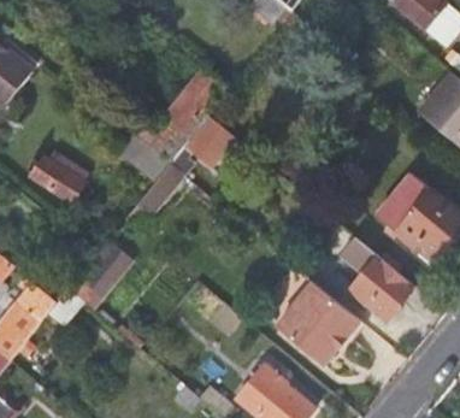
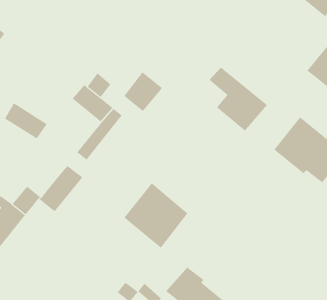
building: [159,67,222,136] -> none
building: [341,237,417,320] -> [209,67,268,132]
building: [276,279,359,364] -> [123,183,188,248]

